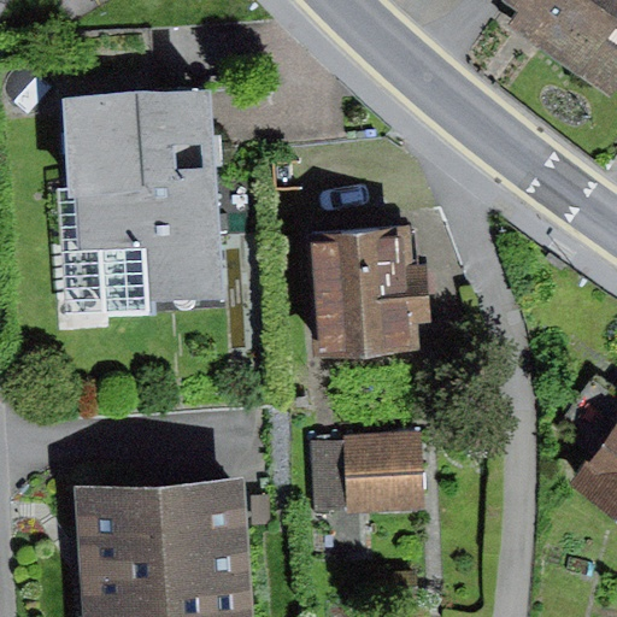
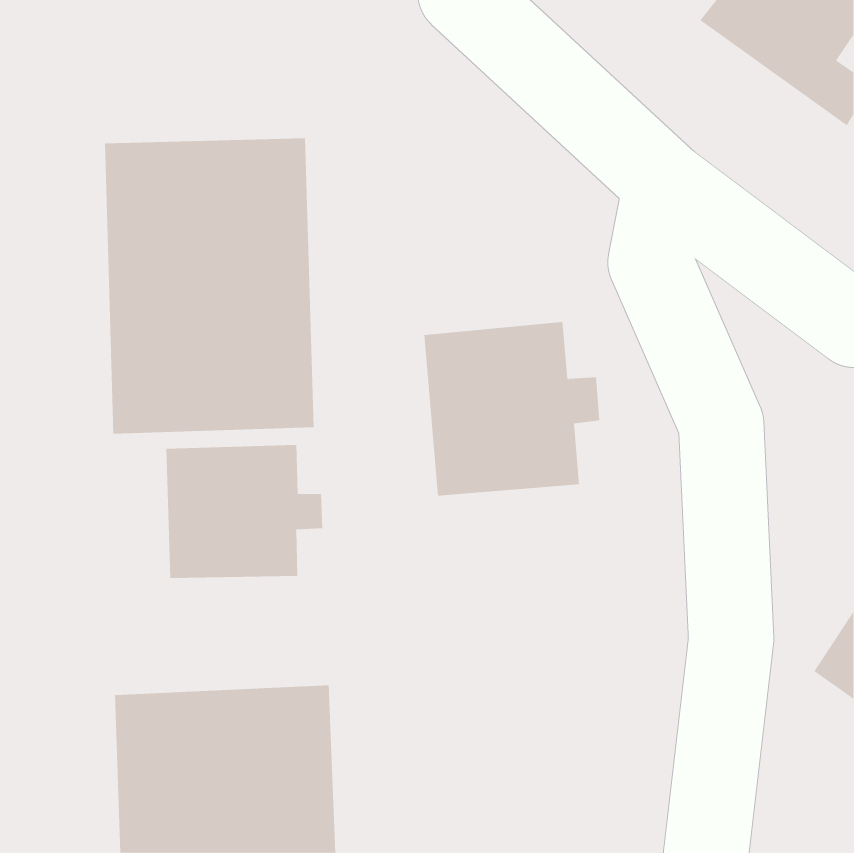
building: none -> [166,444,323,579]
building: [310,431,424,507] -> none

